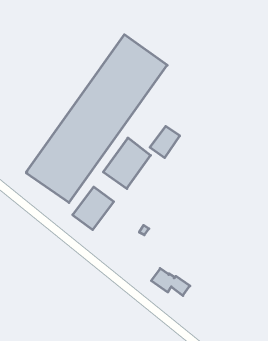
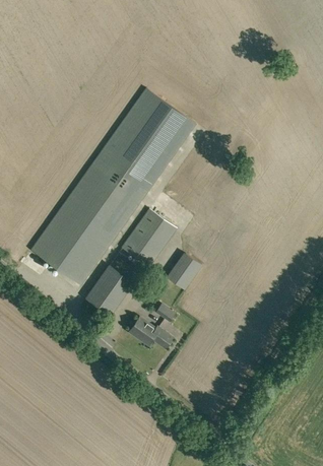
building: [150,126,180,158] -> [167,254,201,290]
building: [151,268,190,296] -> [128,318,173,349]

